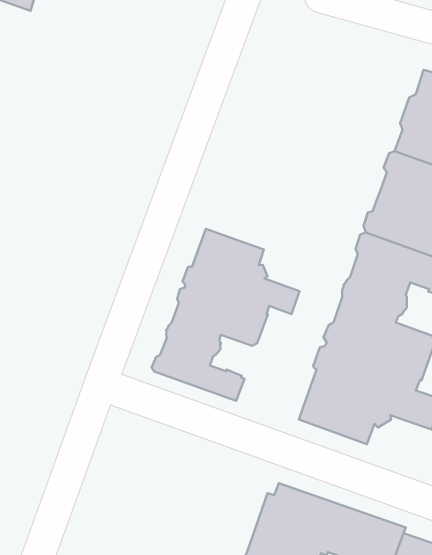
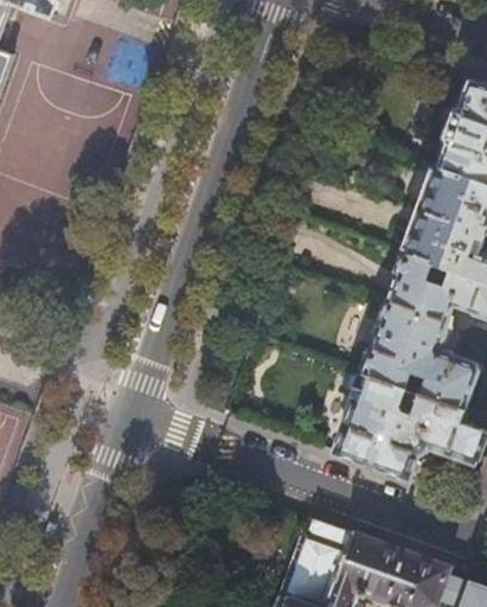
building: [152,229,300,401] -> none

